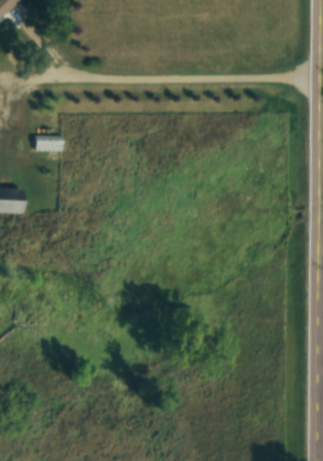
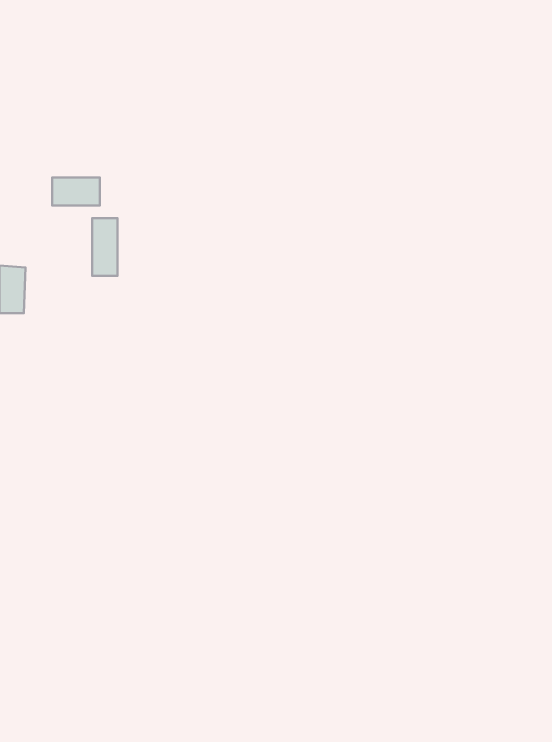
building: none -> [92,218,117,276]

